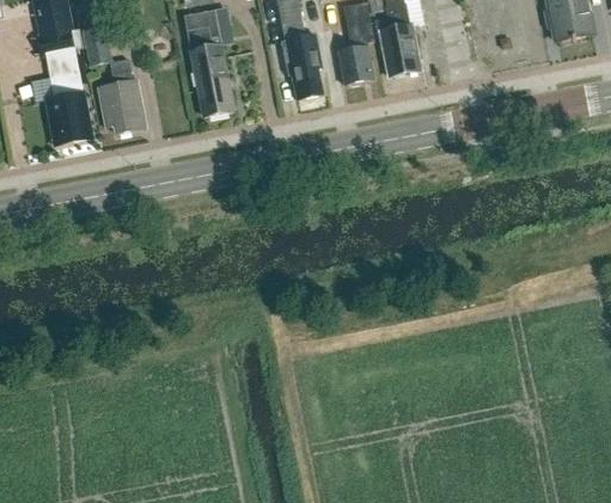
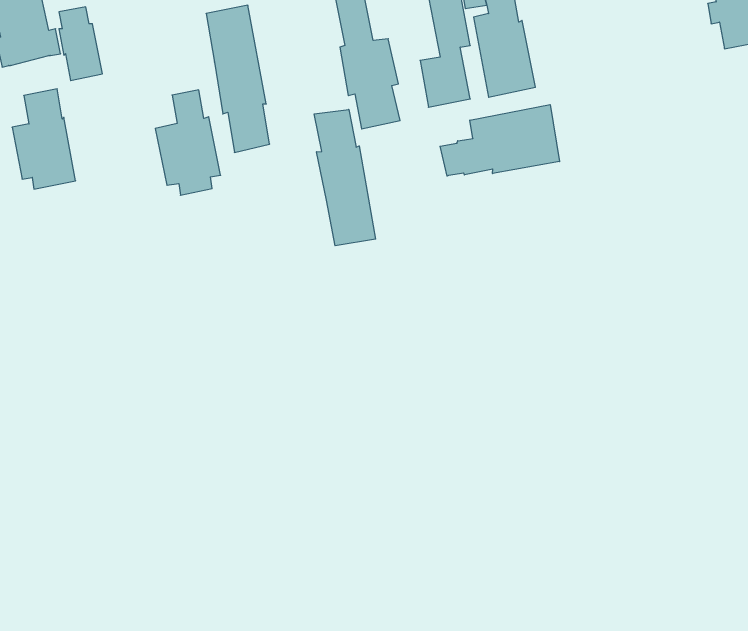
building: [98,59,145,134] -> [155,90,221,195]
building: none -> [440,105,560,176]
building: none -> [314,109,376,246]

